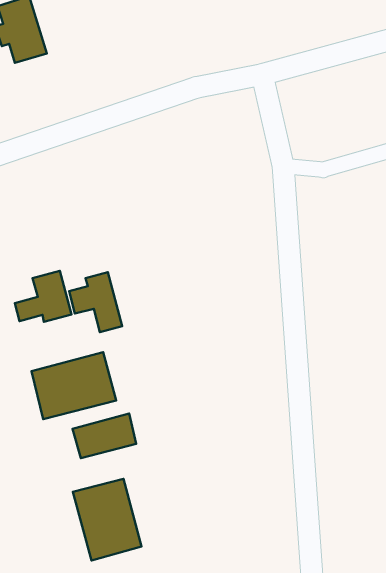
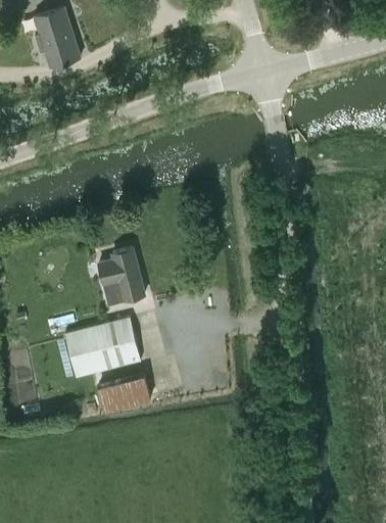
building: [15,271,71,322] -> none
building: [73,479,141,561] -> none

